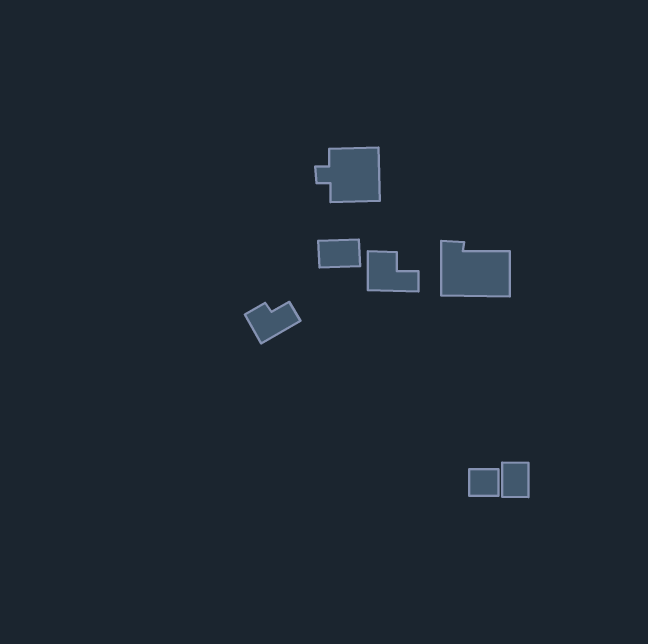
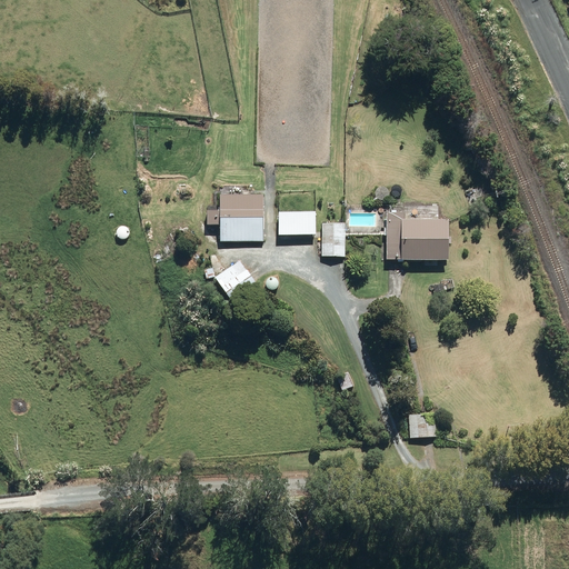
building: [315,148,380,202] -> [207,192,263,240]
building: [502,463,528,497] -> none

